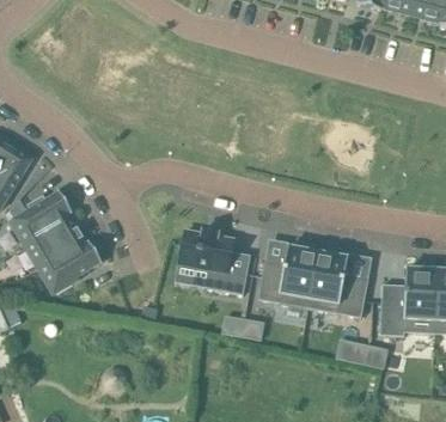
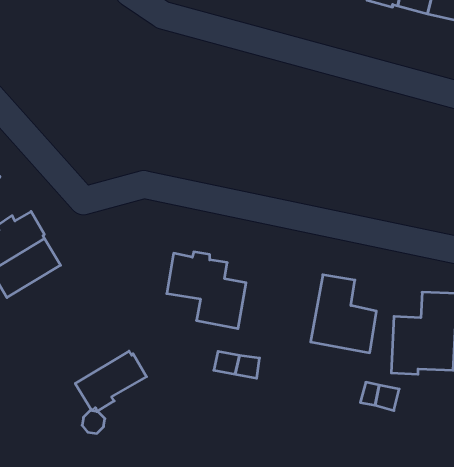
building: [37,240,100,294] -> [75,351,147,412]
building: [257,243,318,308] -> none

